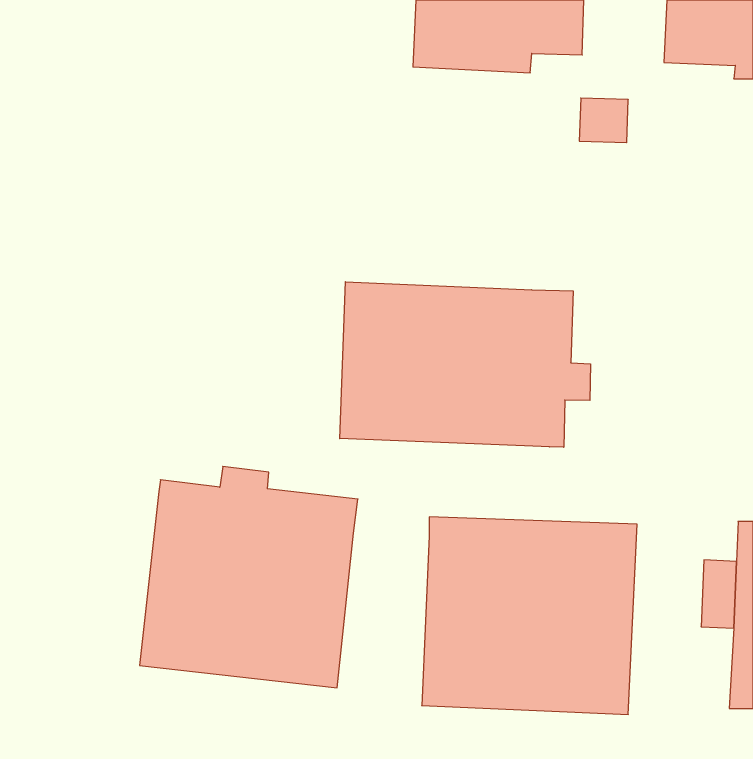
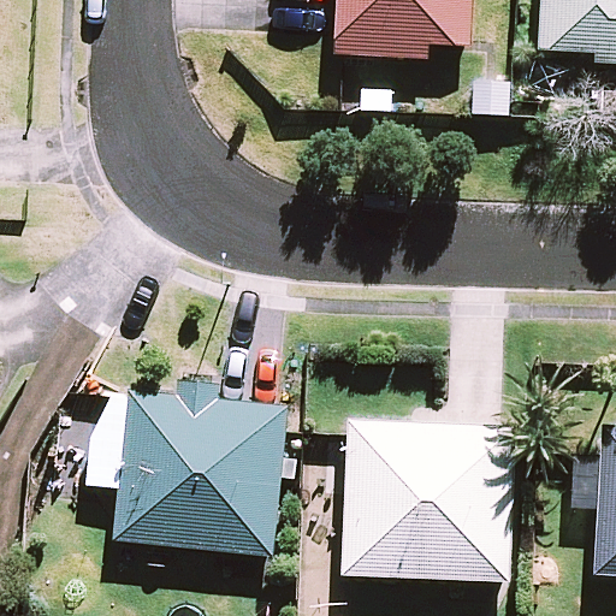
building: [340,282,590,447] -> none

